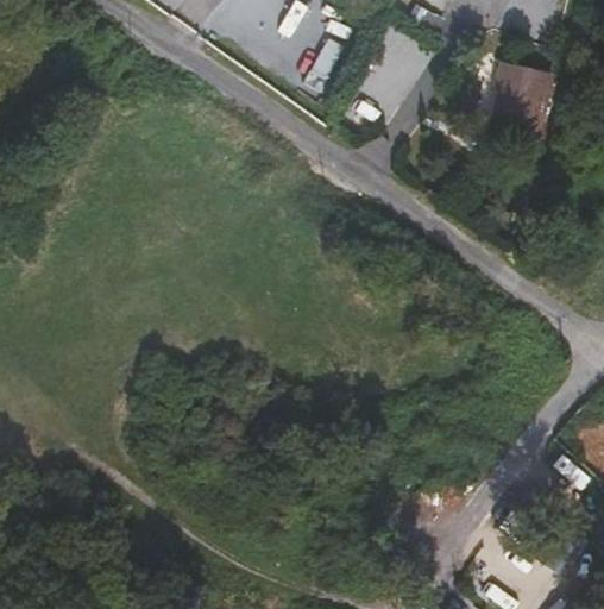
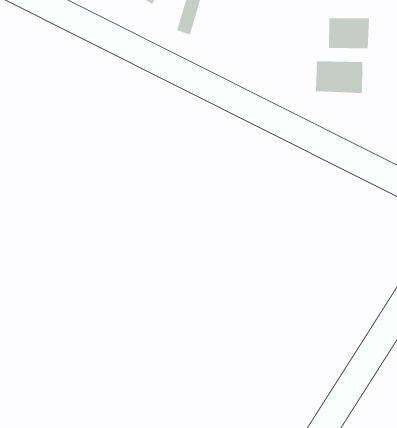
building: none -> [315,60,363,94]

